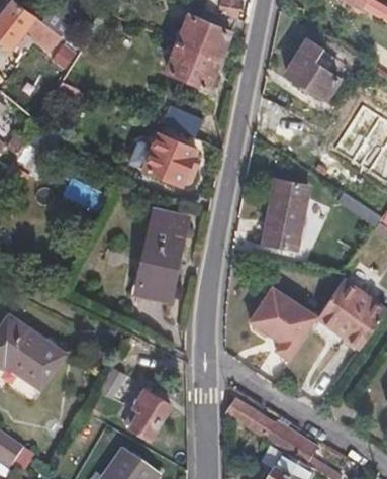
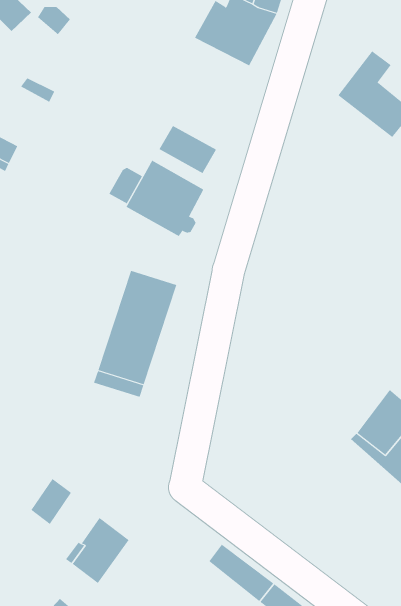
building: [167,42,220,89] -> none
building: [263,179,309,250] -> none
building: [251,286,319,360] -> none

